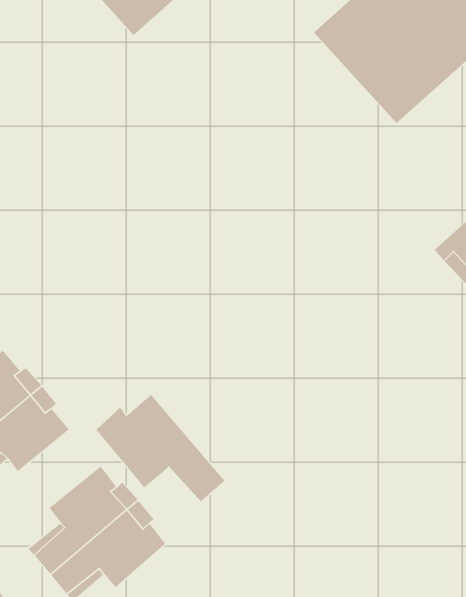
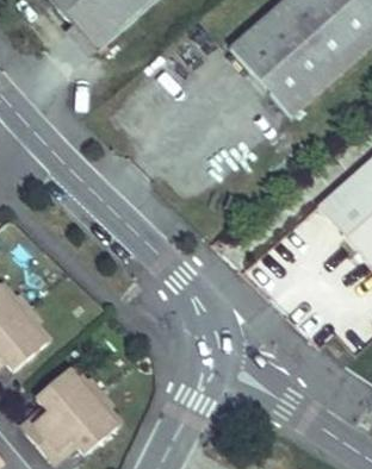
building: [96,394,225,502] -> none

